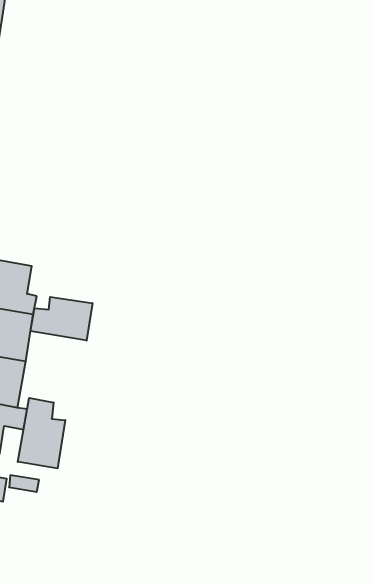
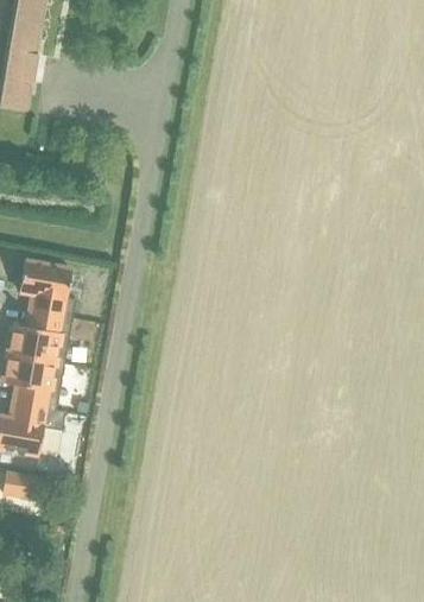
building: [31,297,92,341] -> none
building: [18,398,65,468] -> none

